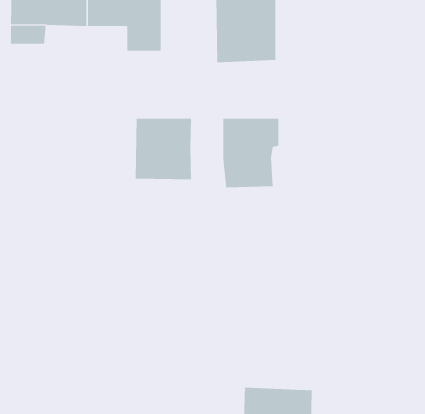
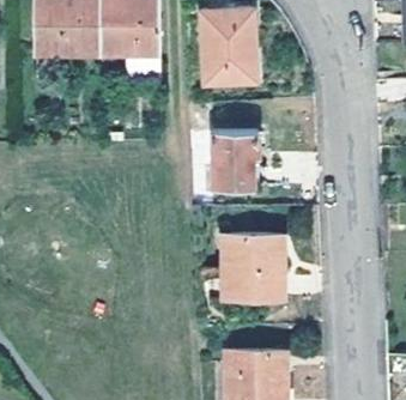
building: [135,118,191,180] -> none
building: none -> [223,237,281,302]

